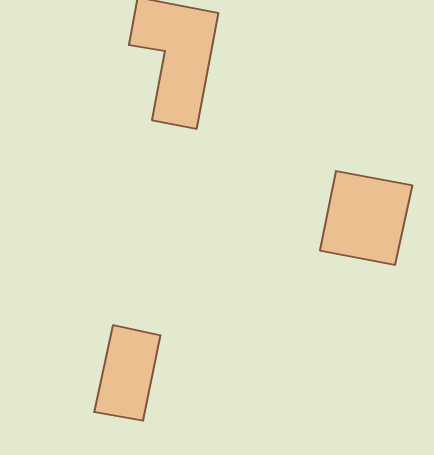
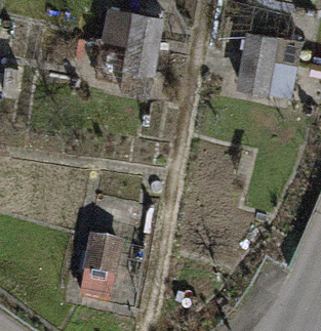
building: [320,171,412,265] -> [235,31,300,97]

